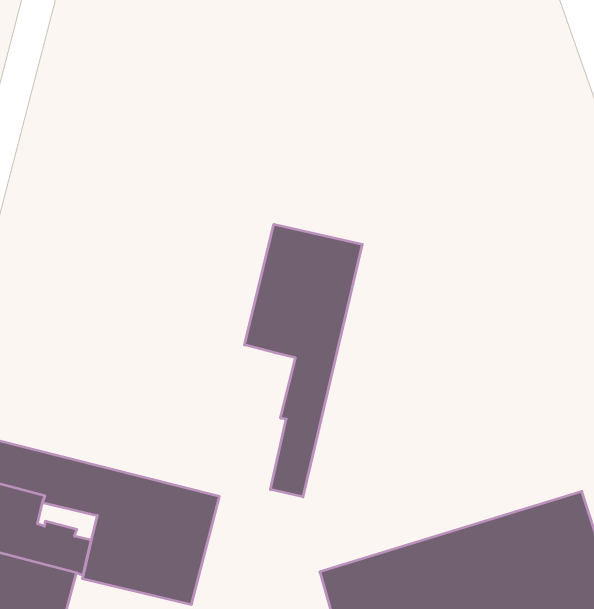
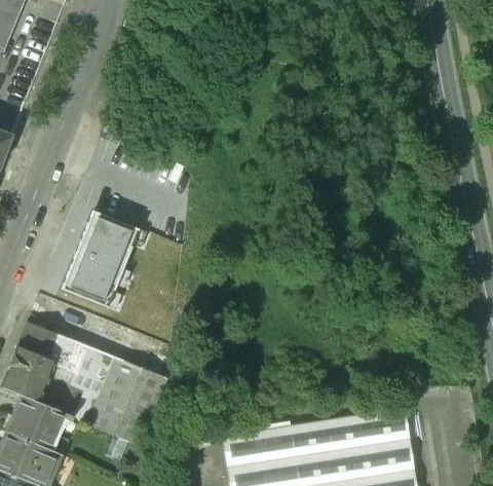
building: [244,224,362,497] -> none
building: none -> [63,212,140,308]

